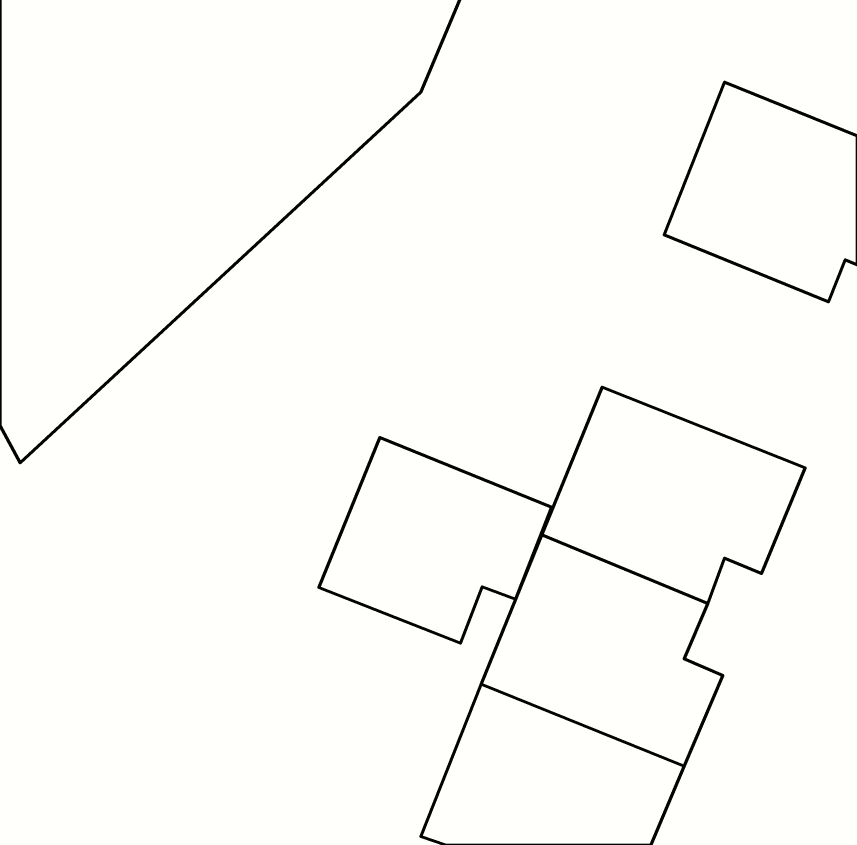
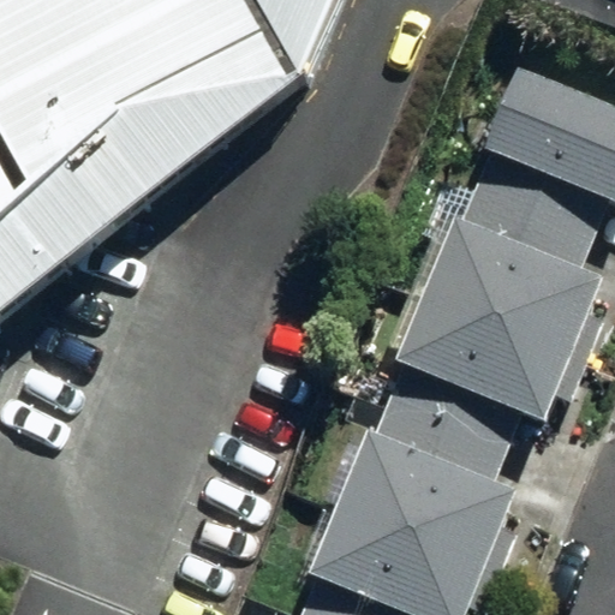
building: none -> [431,168,604,335]
building: [319,437,551,643] -> none

